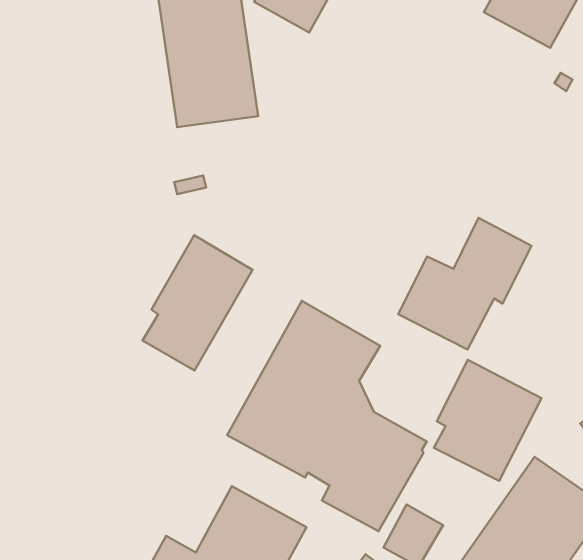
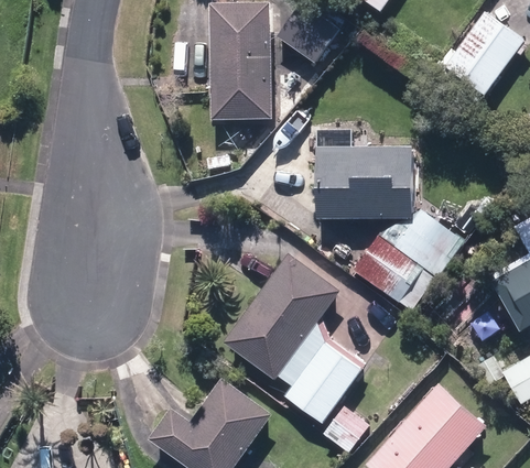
building: none -> [316,148,411,219]
building: [143,235,253,371] -> none
building: [434,360,541,481] -> none

